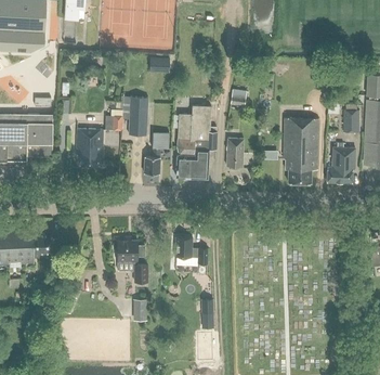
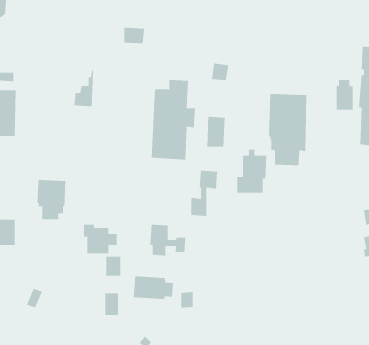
building: [128,96,147,135] -> none
building: [76,129,103,166] -> [37,179,66,220]
building: [144,131,169,173] -> [191,170,218,216]
building: [327,142,355,182] -> [236,149,267,193]
building: none -> [133,275,174,300]

